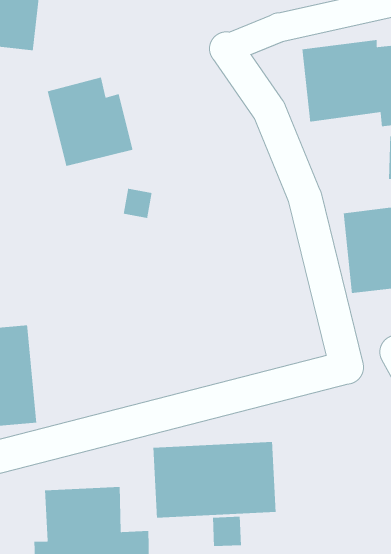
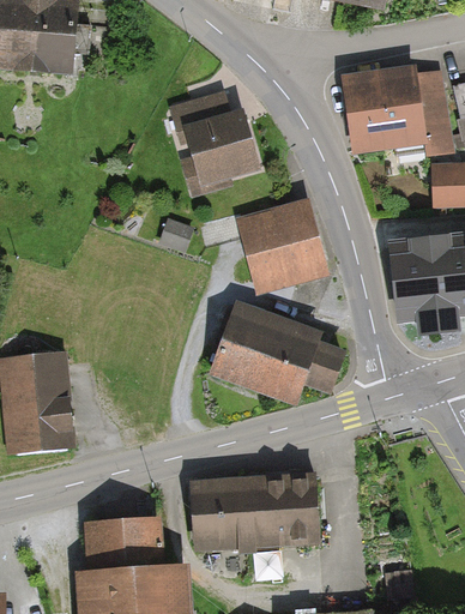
building: [47,76,134,167] -> [168,90,255,181]
building: none -> [237,201,327,293]
building: none -> [215,305,344,404]

